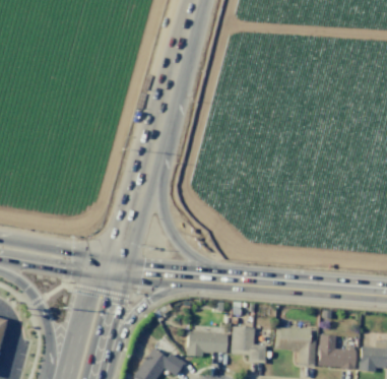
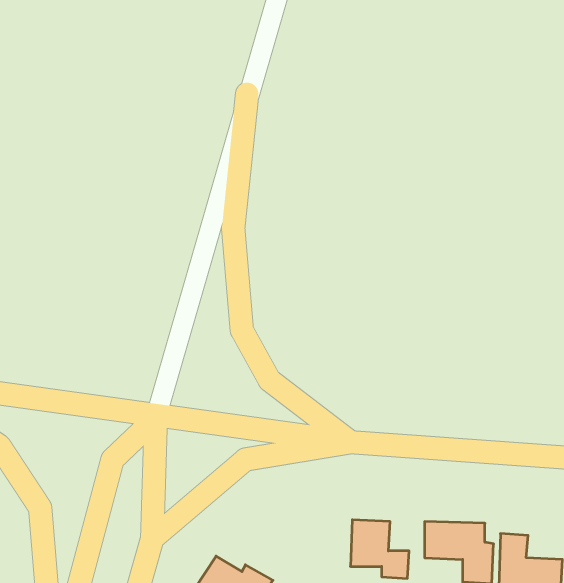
building: [187,331,228,356] -> none

